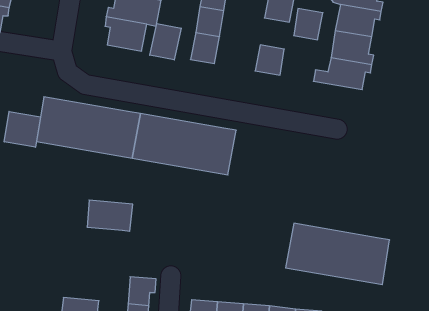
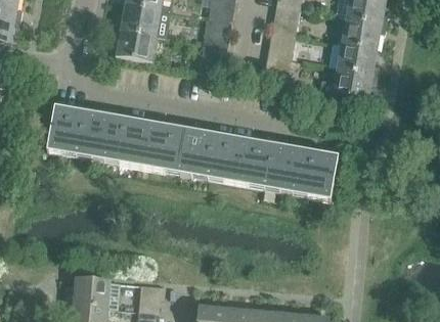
building: [294,9,323,40] -> [267,28,296,58]
building: [150,23,181,60] -> none
building: [4,111,40,147] -> none
building: [87,200,133,231] -> [74,276,119,307]
building: [286,223,390,285] -> [235,138,338,198]

